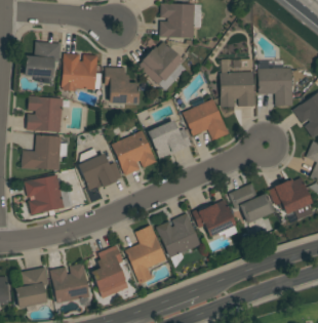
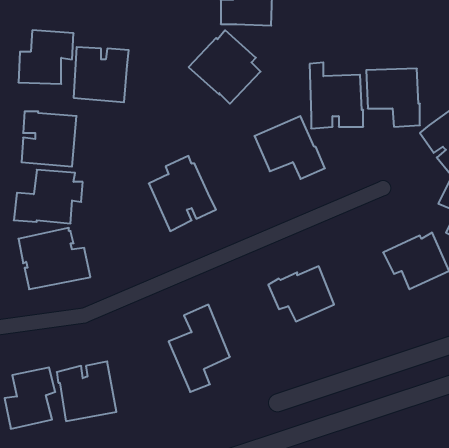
building: [105,68,138,104] -> none
building: [148,120,192,160] -> none
building: [78,154,122,191] -> none
building: [229,184,275,225] -> none
building: [156,213,201,264] -> none
building: [91,245,125,291] -> none

